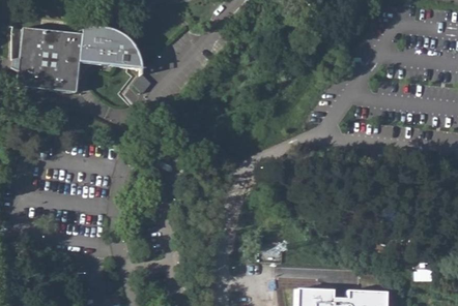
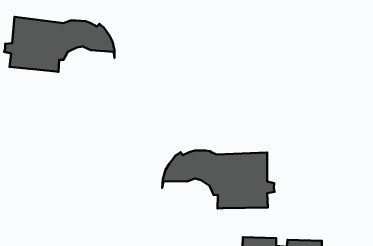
building: none -> [162,151,274,209]

